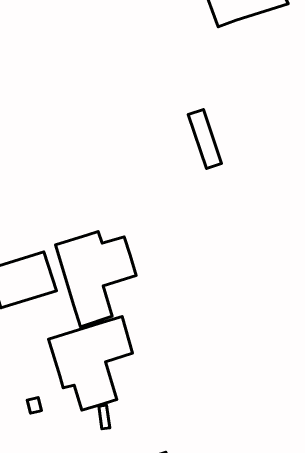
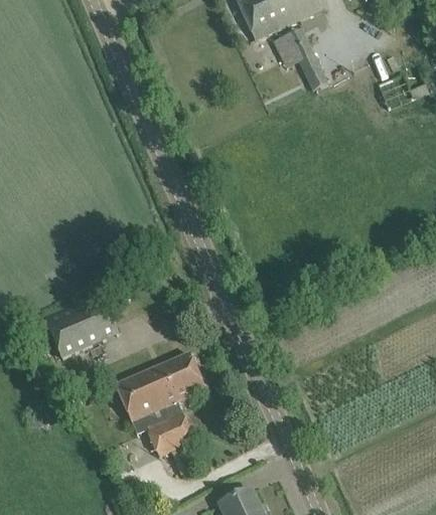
building: [188,110,221,169] -> [286,27,326,89]
building: [55,231,136,327] -> none

